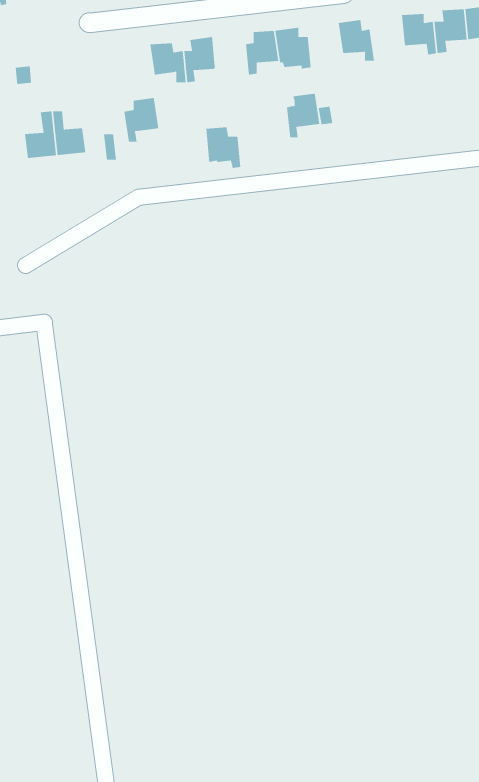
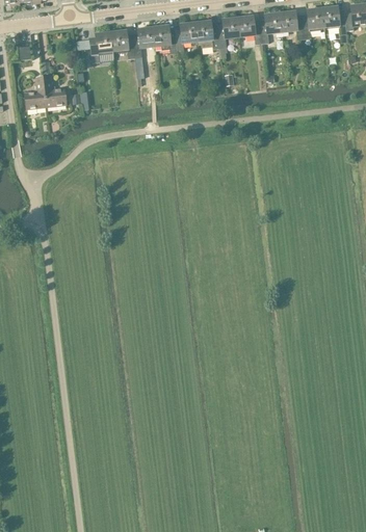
building: none -> [259,11,282,43]
building: [286,93,320,138] -> [217,17,240,47]
building: [124,97,159,142] -> [89,31,113,61]
building: [206,127,241,169] -> [153,25,177,53]

